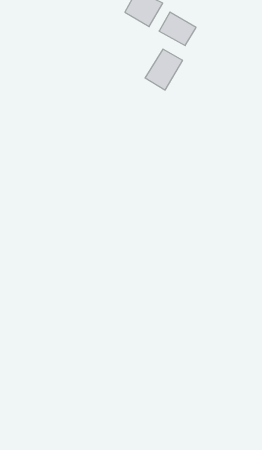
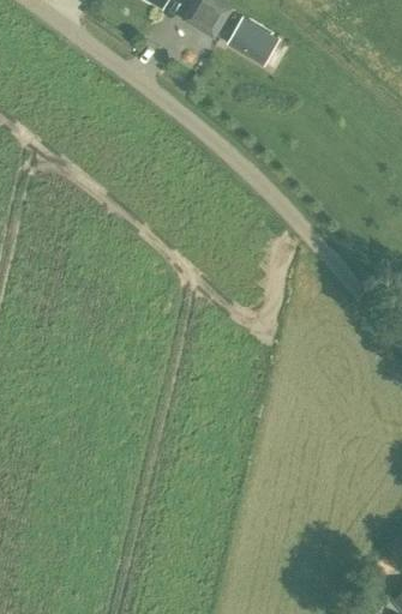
building: [145,49,182,90] -> none

